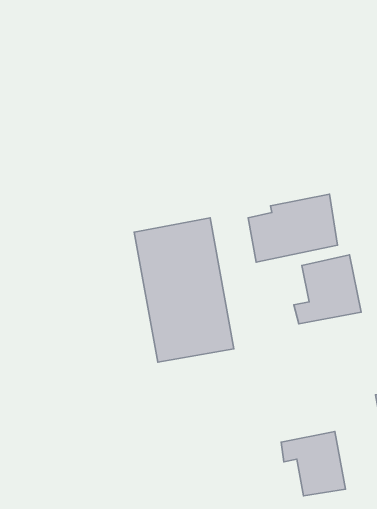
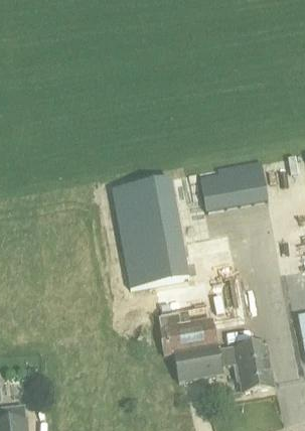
building: [294,255,361,324] -> none
building: none -> [158,310,222,381]

